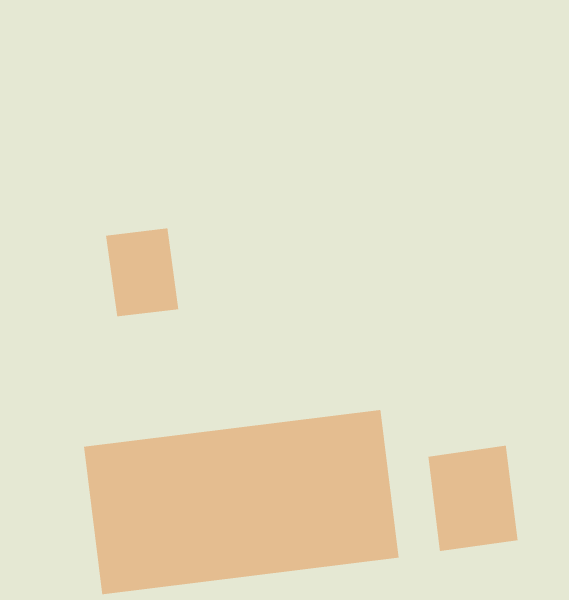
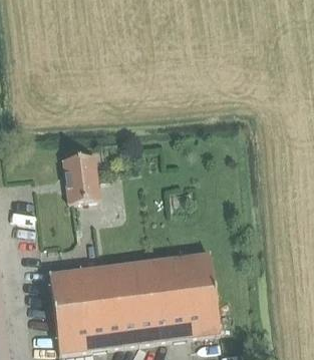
building: [428,445,518,552] -> none

